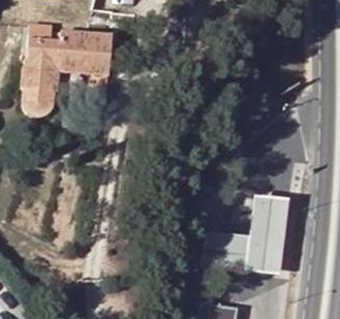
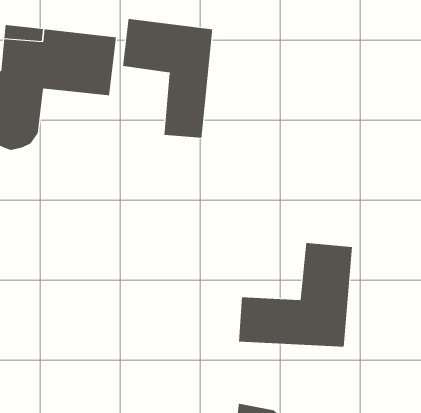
building: none -> [123,18,213,139]

